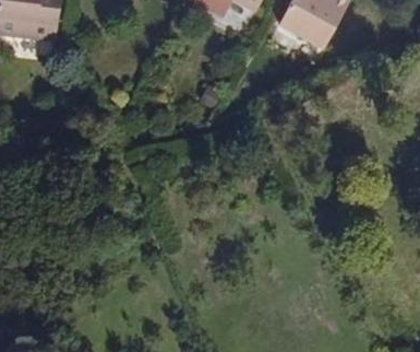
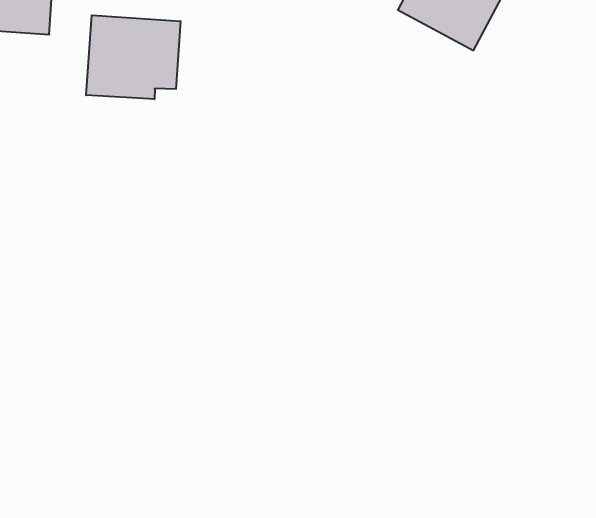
building: none -> [86,15,180,99]

